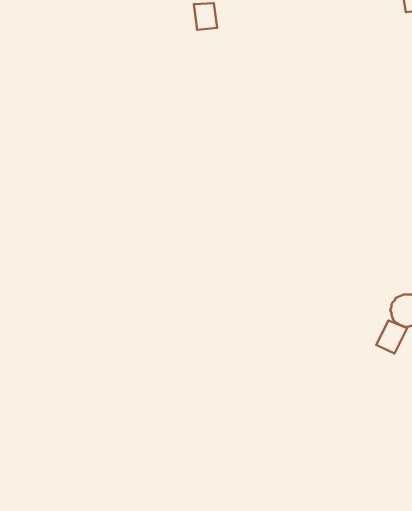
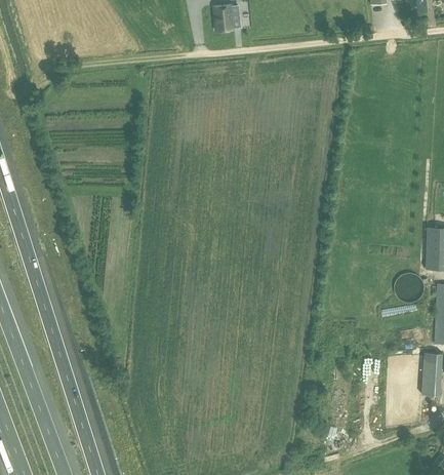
building: [376,321,407,353] -> none

